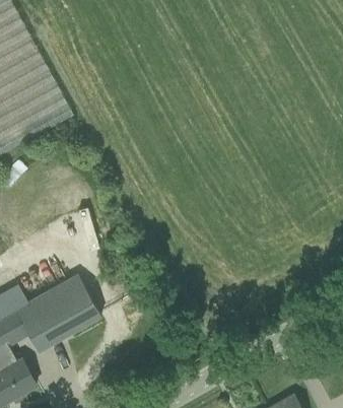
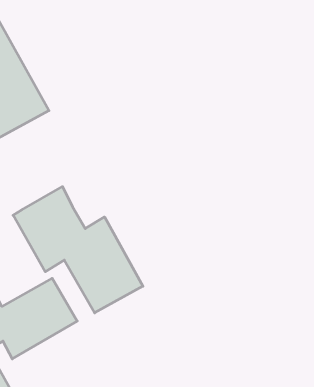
building: none -> [13,187,143,313]

